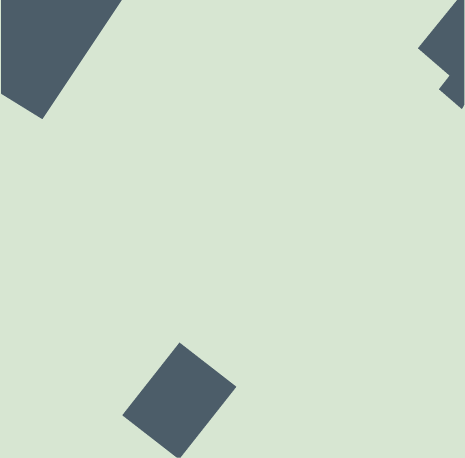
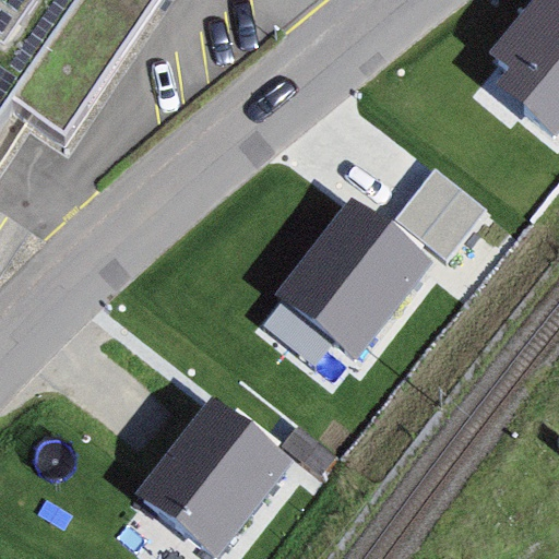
building: none -> [396,167,487,260]
building: none -> [286,210,426,354]

